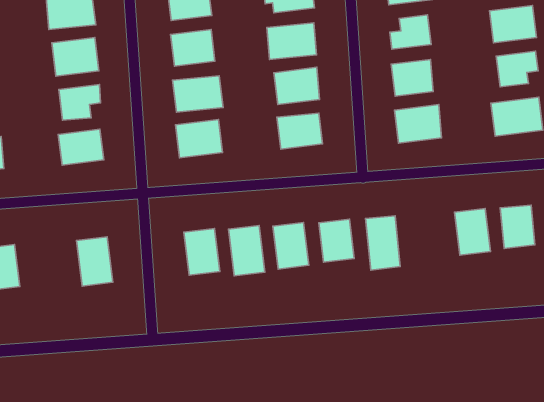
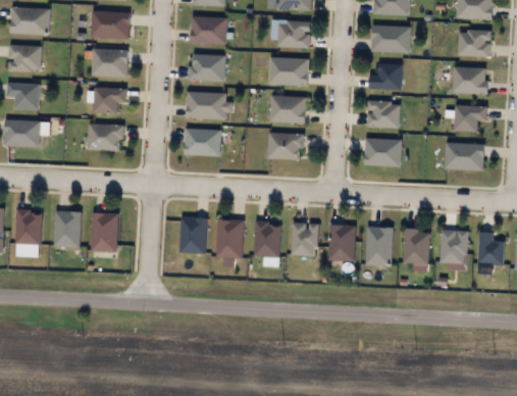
building: none -> [366,227,393,266]
building: none -> [54,211,81,247]

